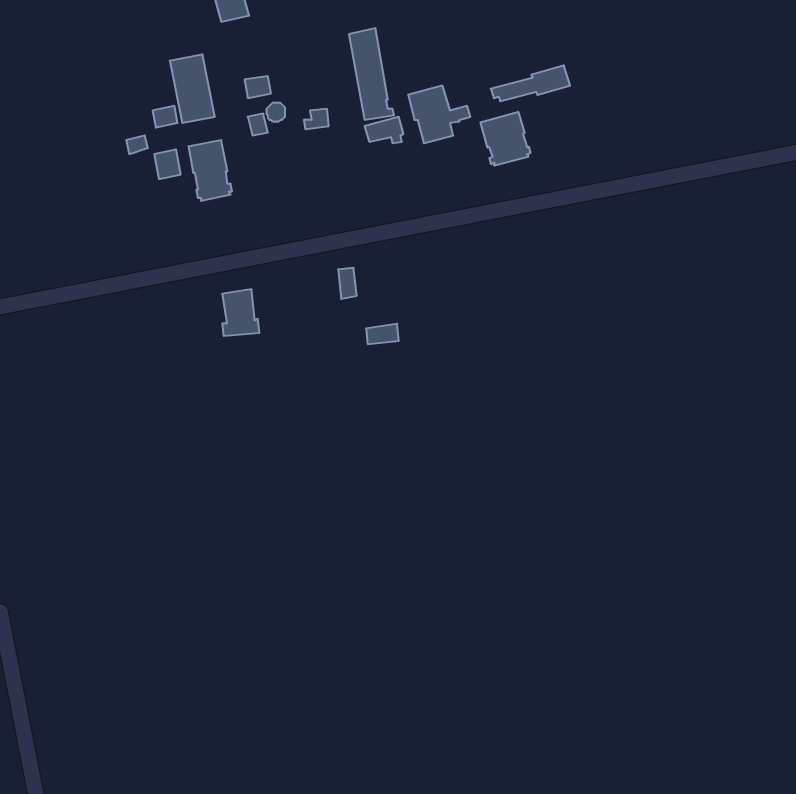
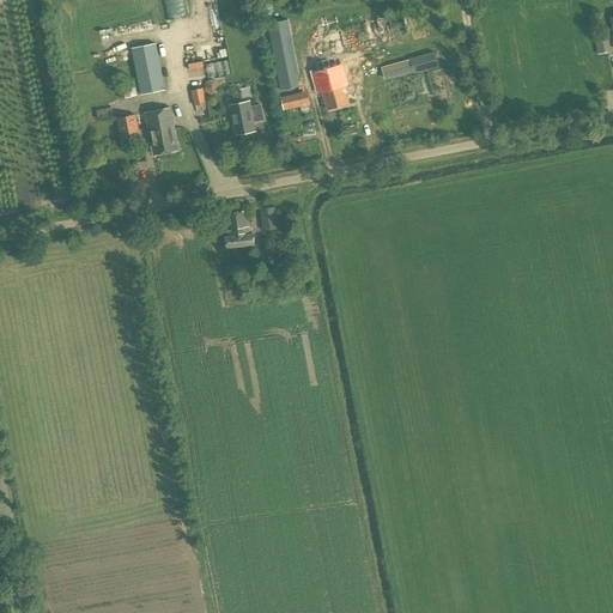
building: [480,112,530,166] -> none
building: none -> [230,101,255,134]
building: [222,289,259,336] -> [225,211,254,247]

